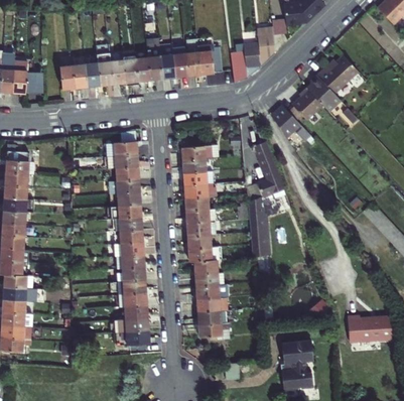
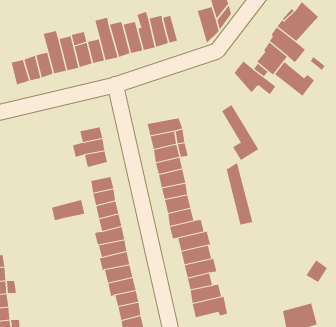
building: [231,55,248,84] -> none
building: none -> [274,61,315,96]
building: [108,177,139,193] -> [51,199,85,221]

